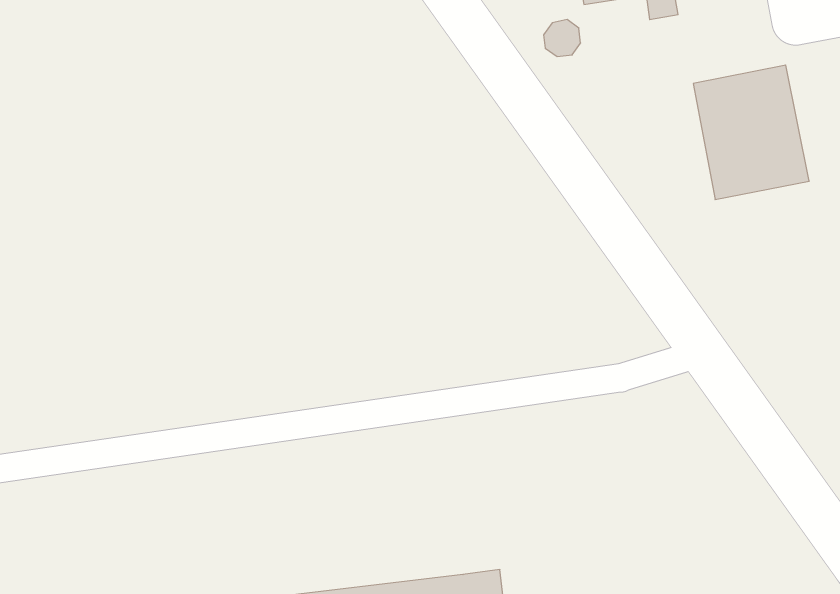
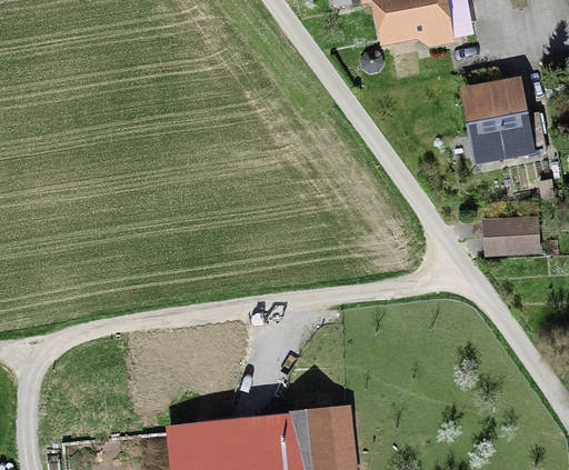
building: none -> [485,216,541,256]

